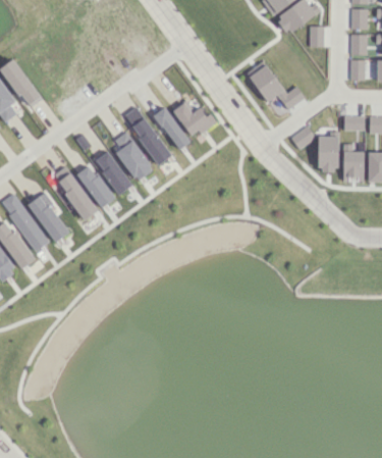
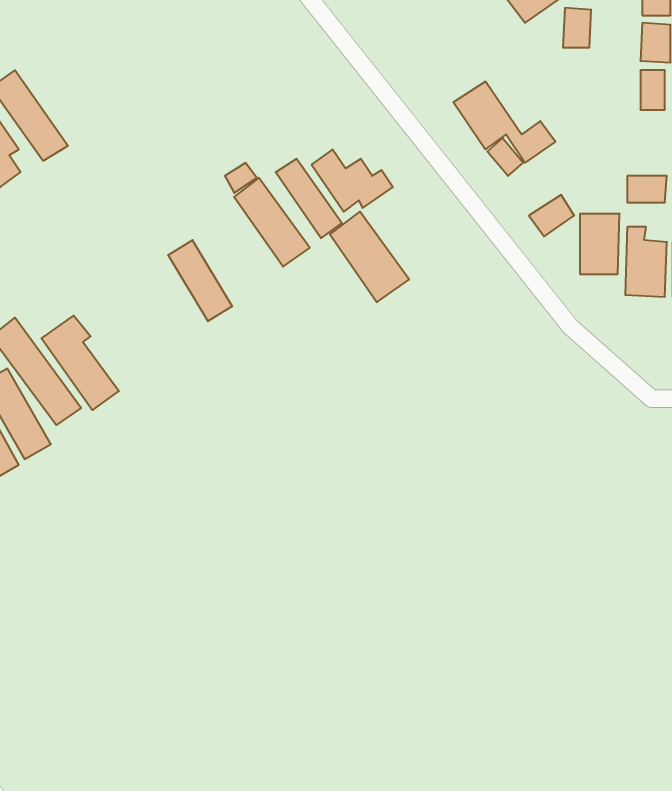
building: [111,133,154,182] -> [330,212,409,302]
building: [76,164,115,208] -> none
building: [57,173,98,220] -> none

